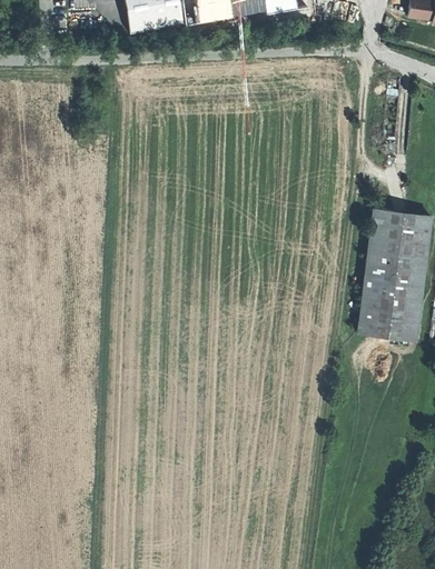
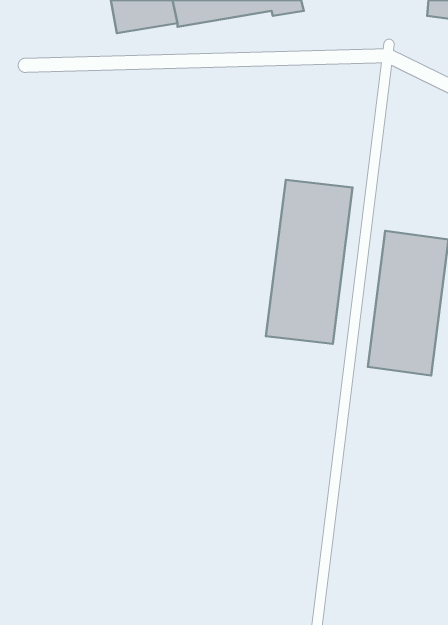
building: none -> [266,180,353,344]

